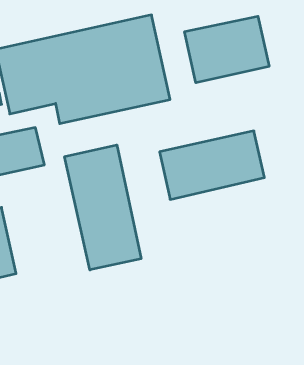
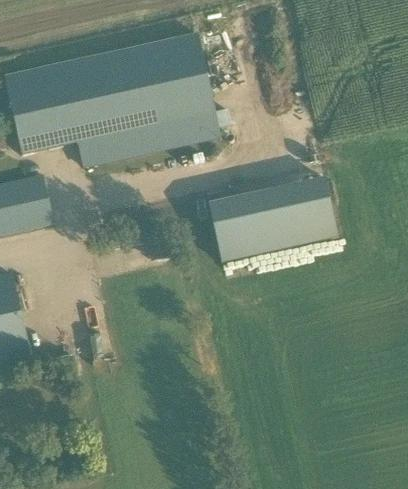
building: [185,16,269,83] -> none
building: [65,145,141,270] -> none

